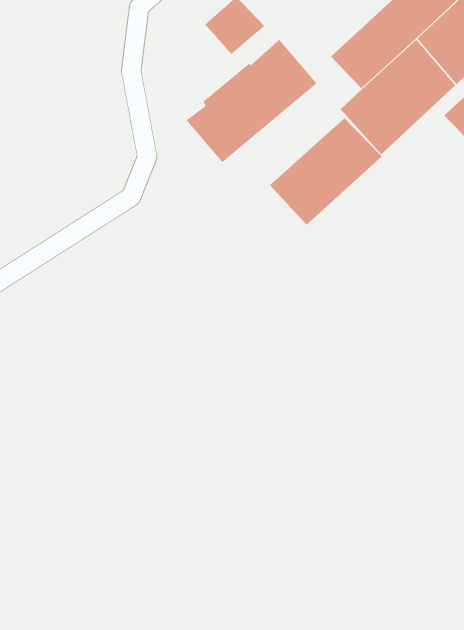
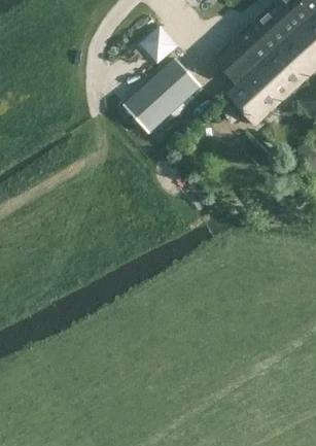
building: [269,118,382,225] -> none

